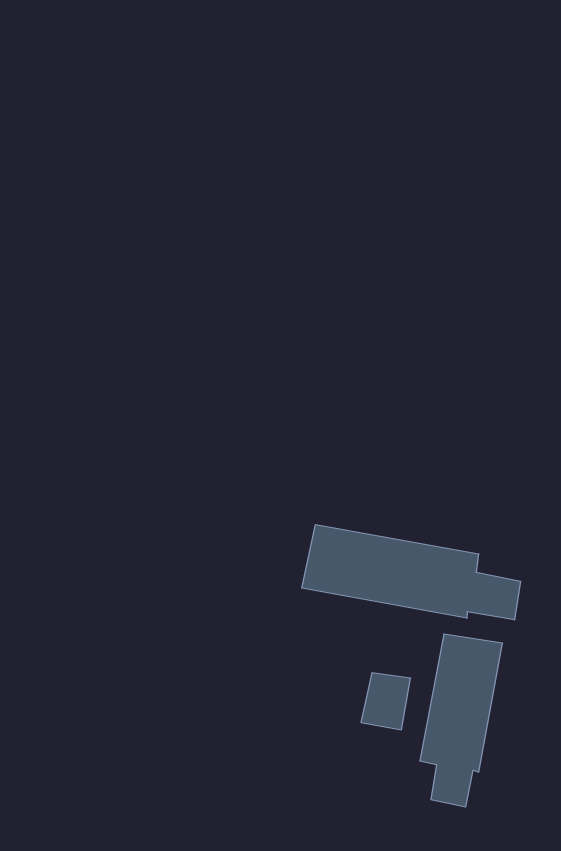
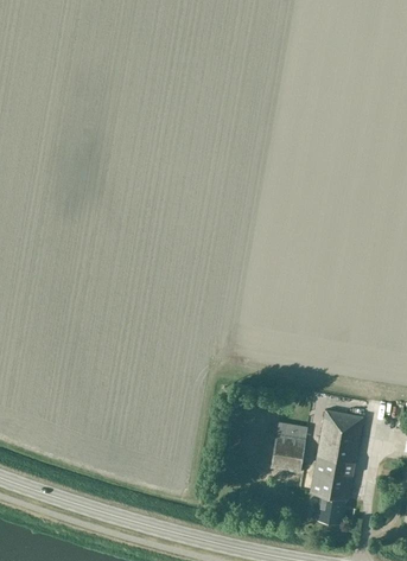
building: [302,525,520,620] -> none

